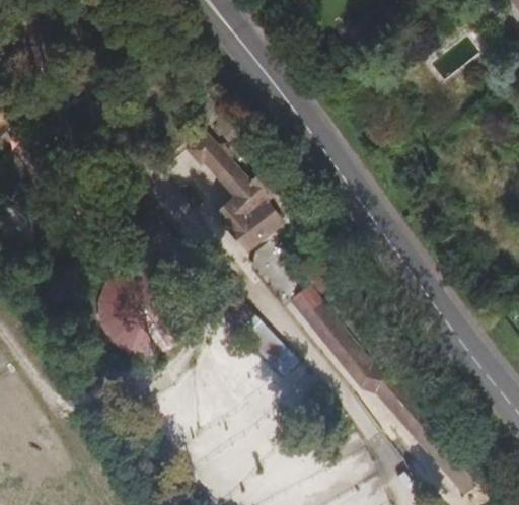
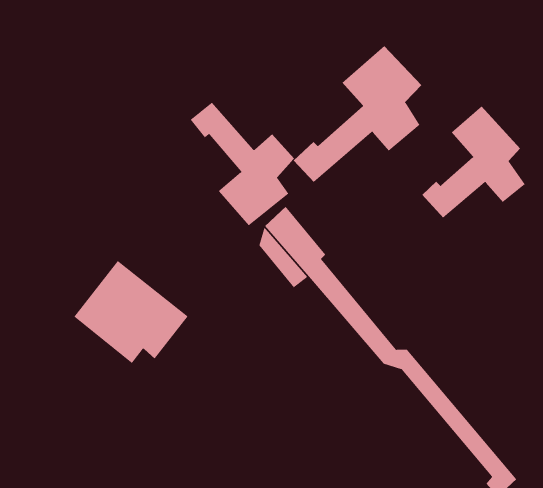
building: none -> [293,45,422,183]
building: none -> [421,106,525,218]

